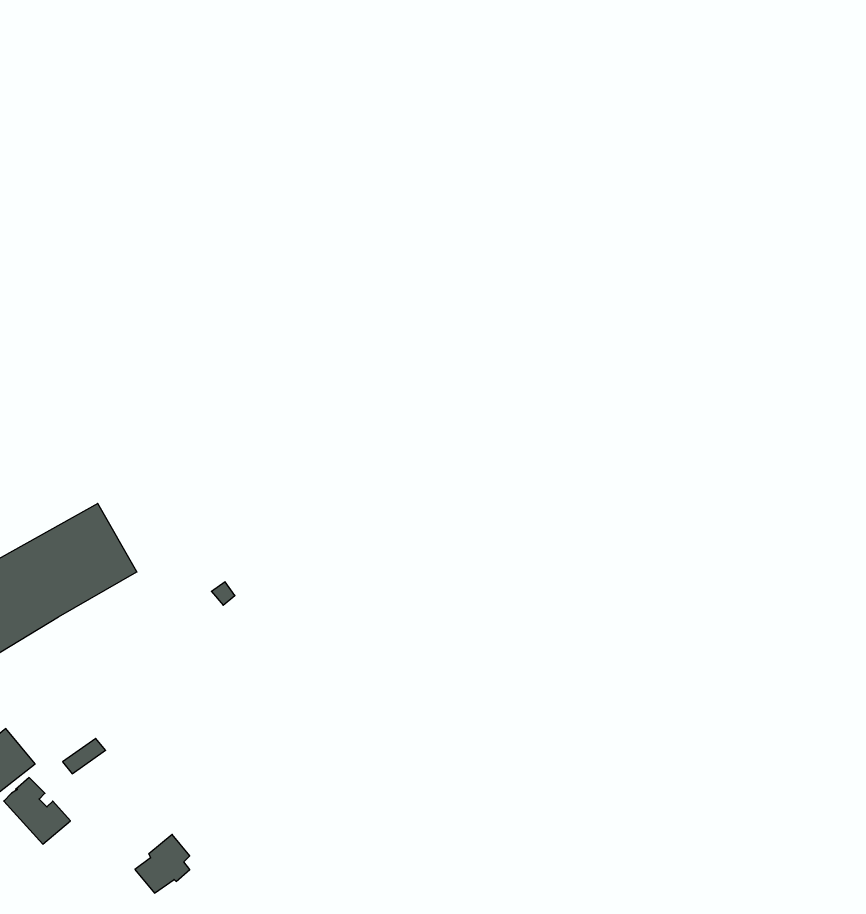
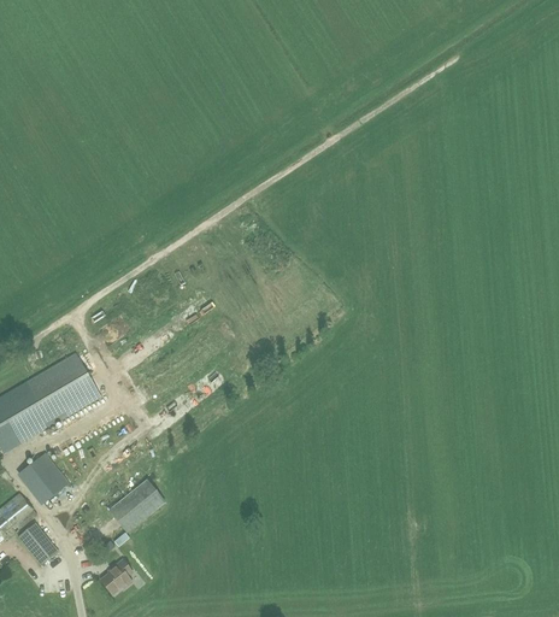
building: none -> [25,453,69,499]
building: none -> [108,478,165,533]

